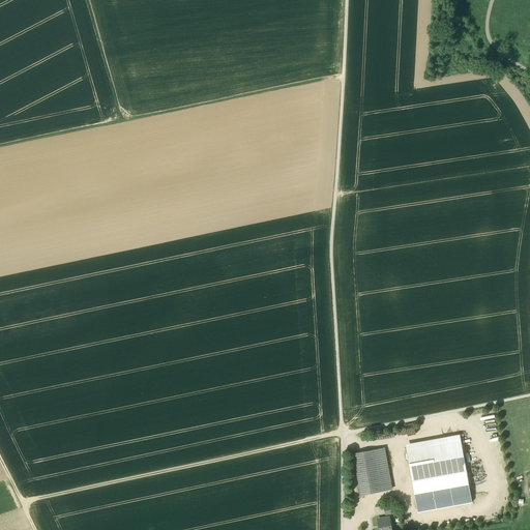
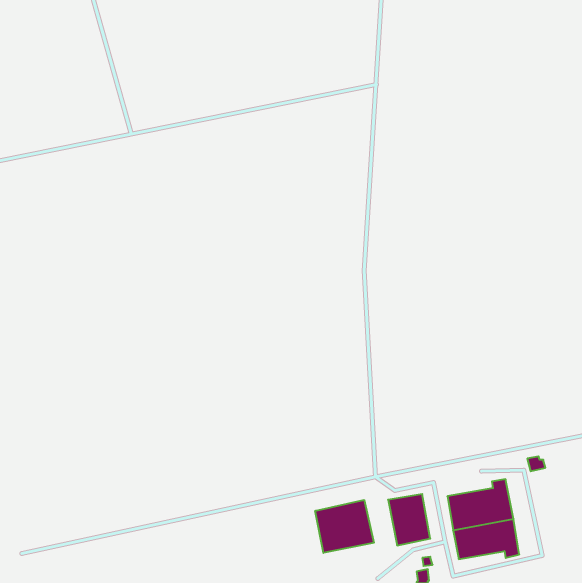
building: none -> [315,500,374,553]

